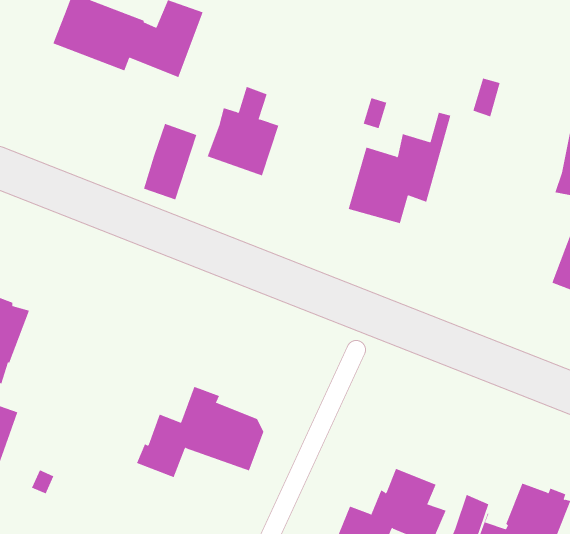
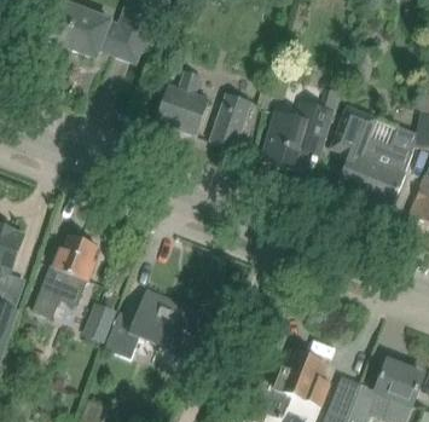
building: [143,123,197,200] -> [211,91,251,148]
building: none -> [331,103,417,206]
building: none -> [33,235,99,319]
building: none -> [82,301,116,342]

